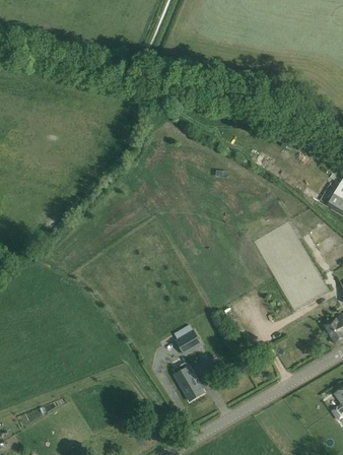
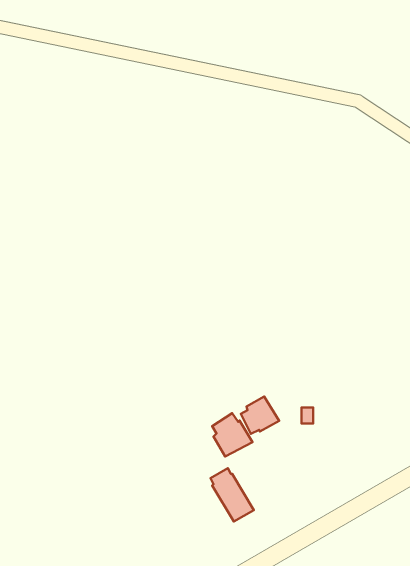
building: none -> [241,396,279,434]

